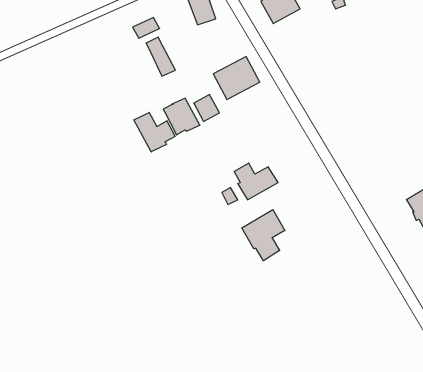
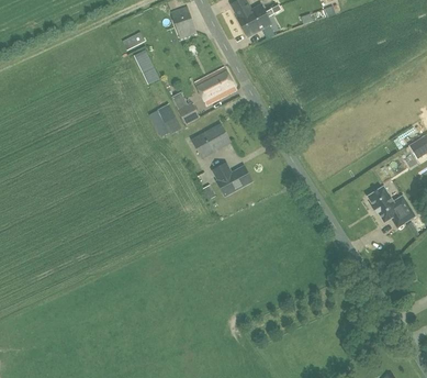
building: [134,112,175,152] -> none
building: none -> [191,123,231,158]
building: [242,210,285,261] -> none

